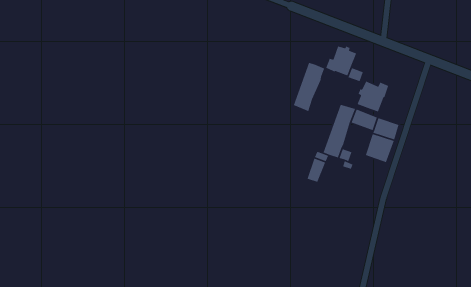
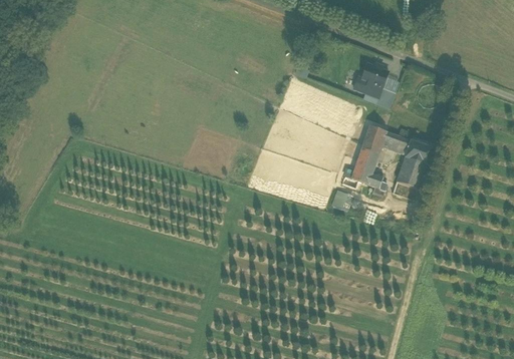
building: [293,62,325,112] -> none
building: [357,81,389,113] -> none

